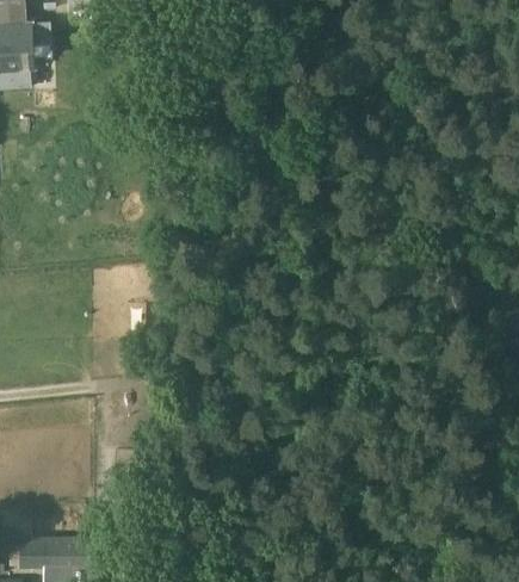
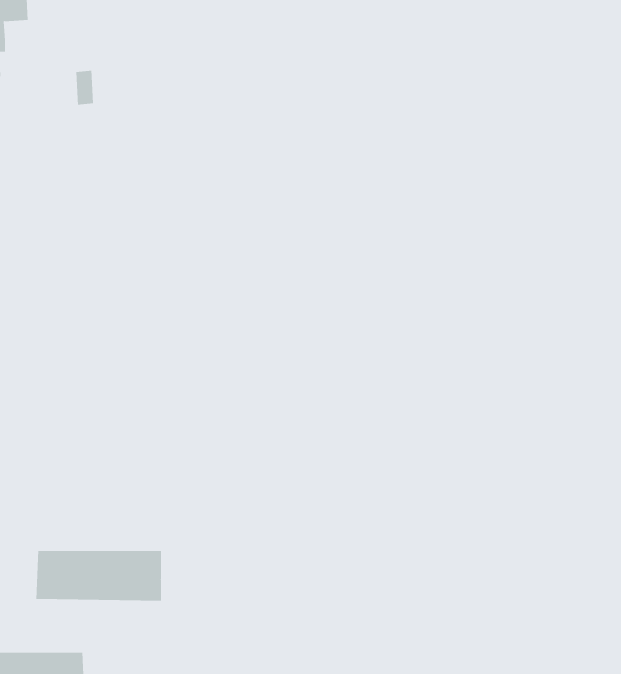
building: none -> [36,550,161,601]

